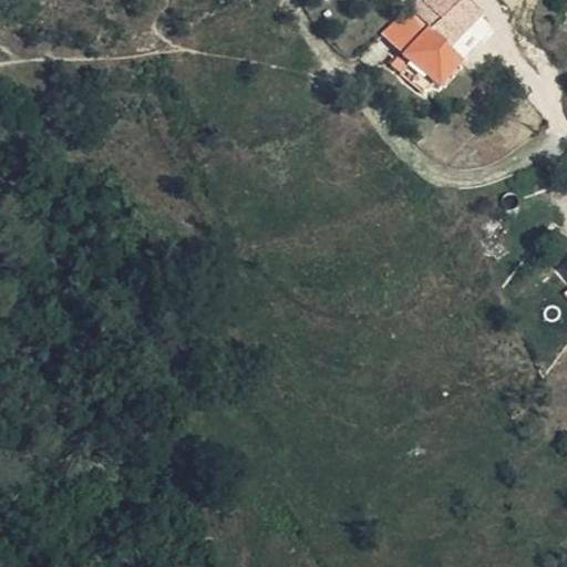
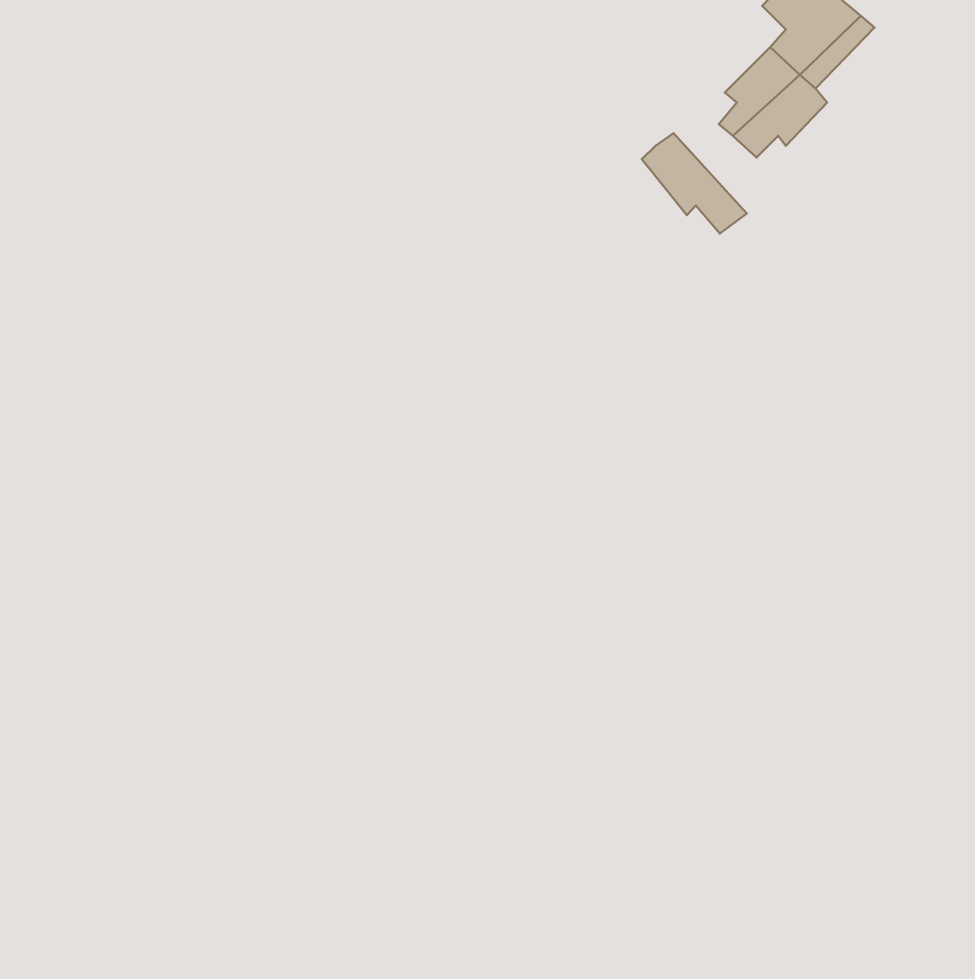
building: [389,7,433,52] -> none
building: none -> [642,133,747,234]

